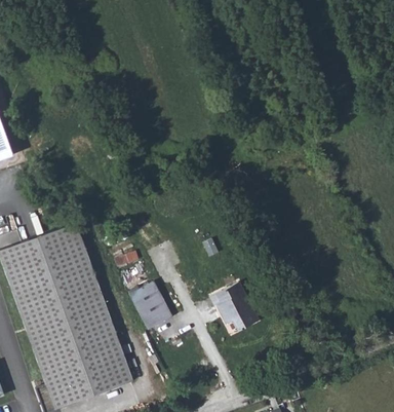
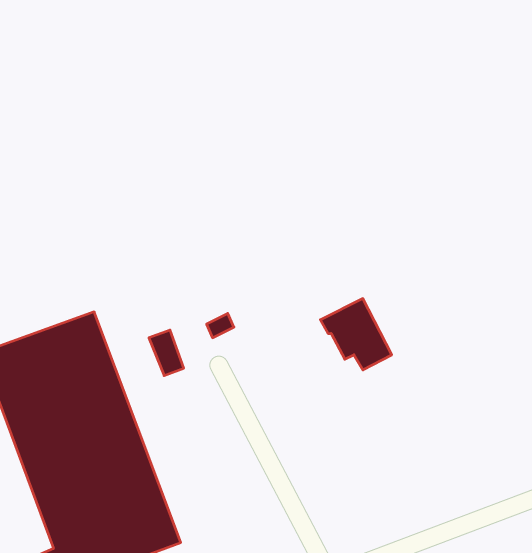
building: [132,286,174,333] -> none
building: [212,286,261,334] -> [320,299,392,370]

